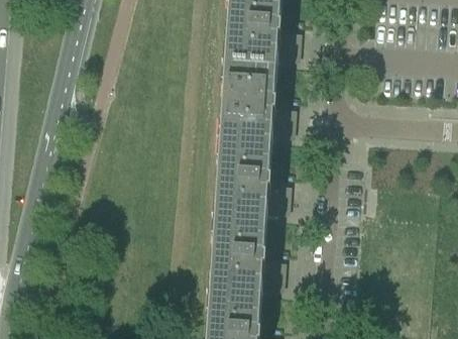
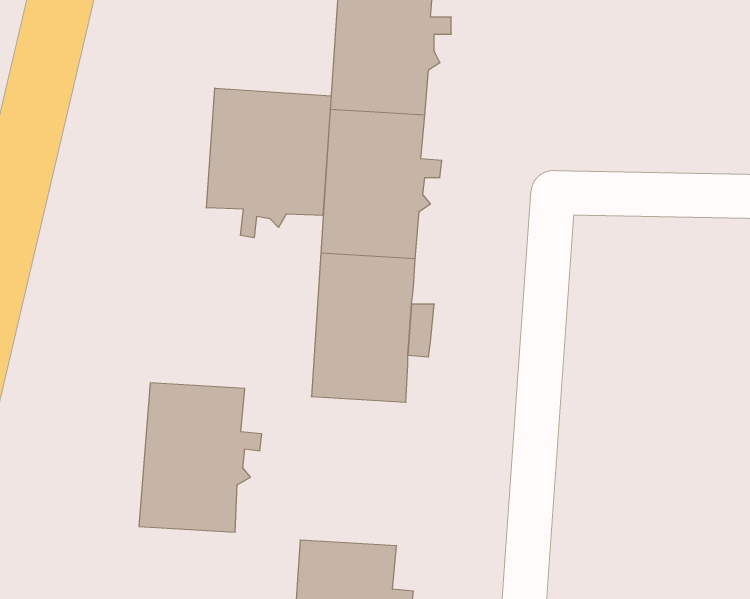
building: none -> [207,88,331,238]
building: [207,230,272,310] -> [139,383,262,532]

